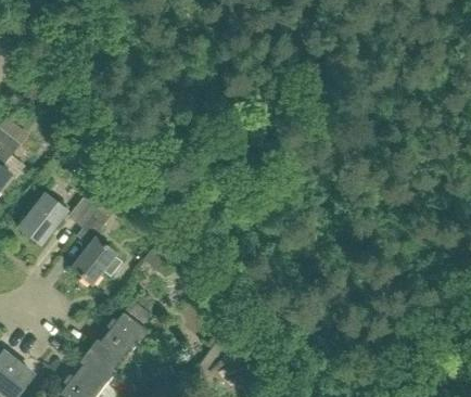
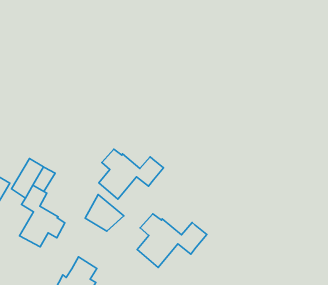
building: none -> [99,149,164,199]
building: none -> [137,214,207,268]

